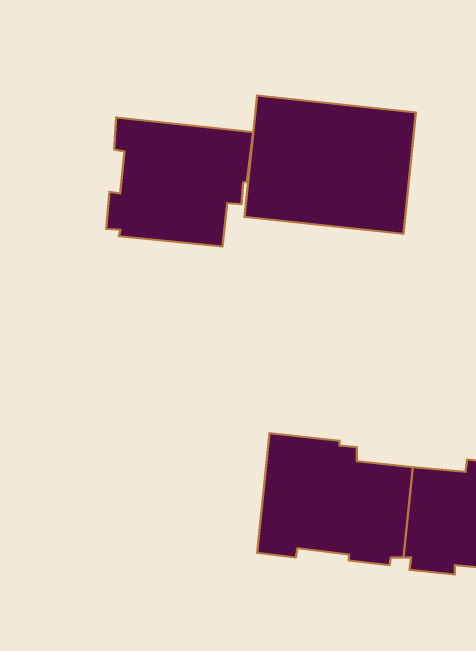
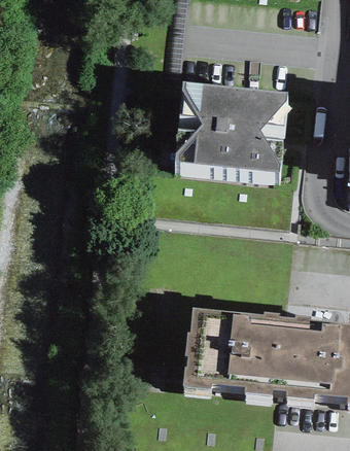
building: [106,117,253,246] -> none

